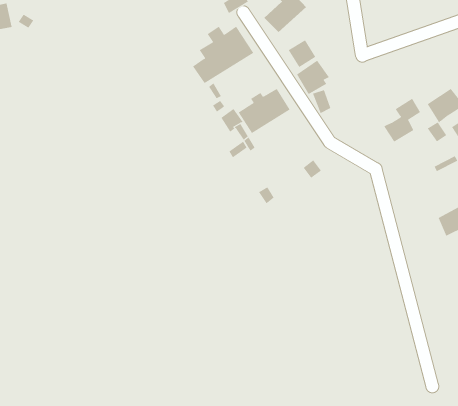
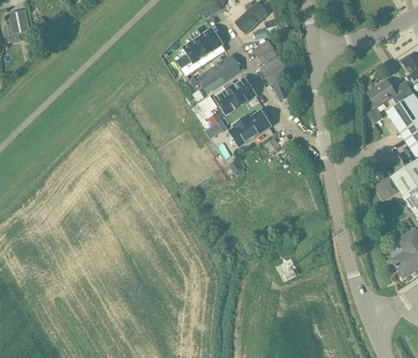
building: none -> [196,55,240,92]
building: [384,98,421,142] -> none
building: none -> [228,109,272,147]

